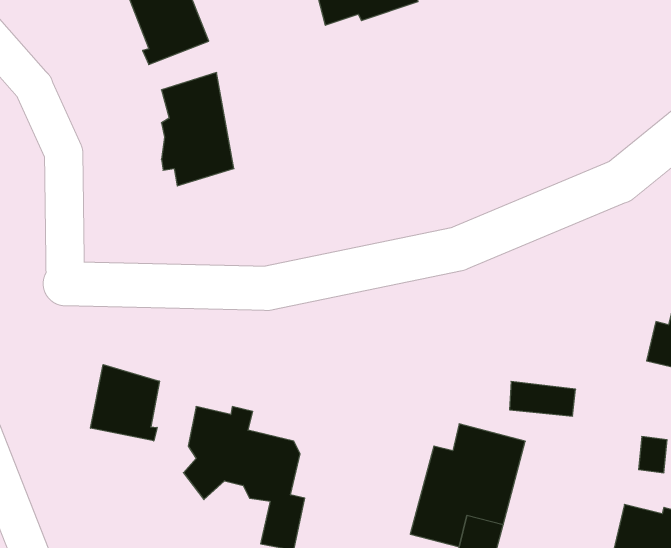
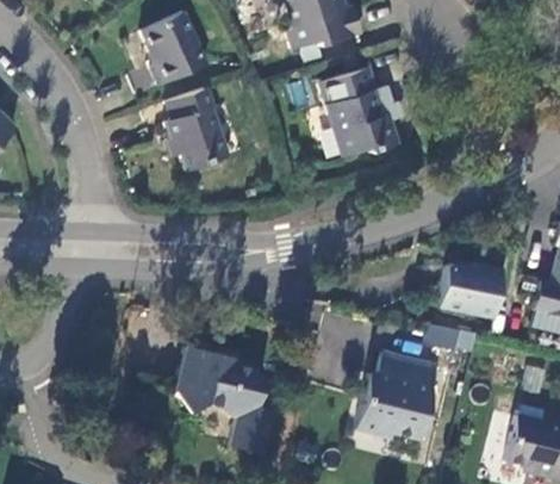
building: none -> [318,73,400,166]
building: none -> [440,262,503,315]
building: [91,365,159,441] -> none

